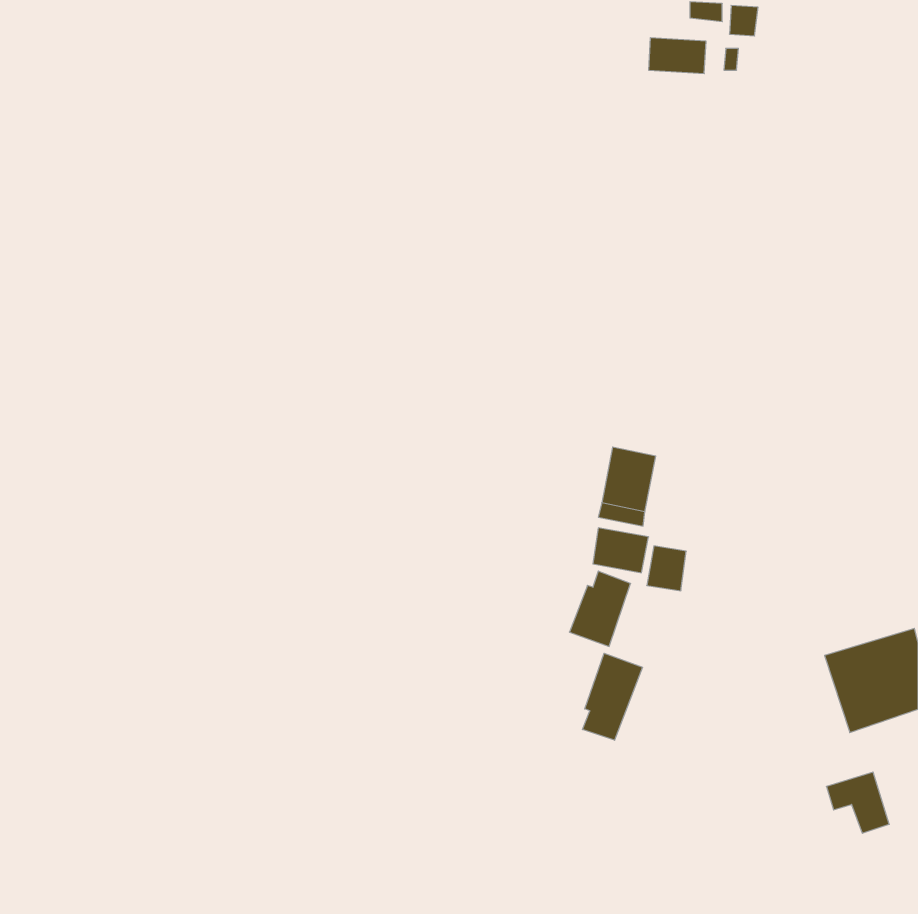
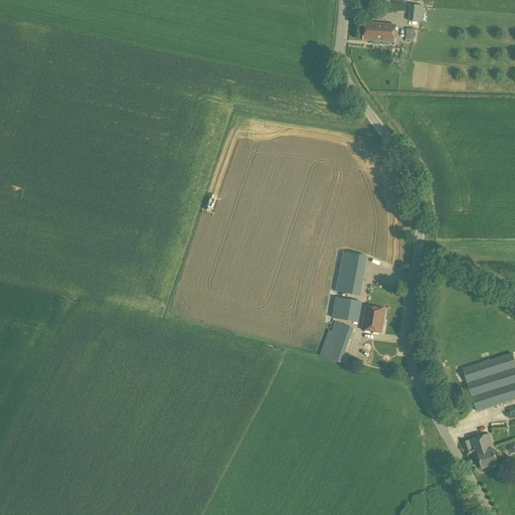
building: [583,653,642,740] -> none

